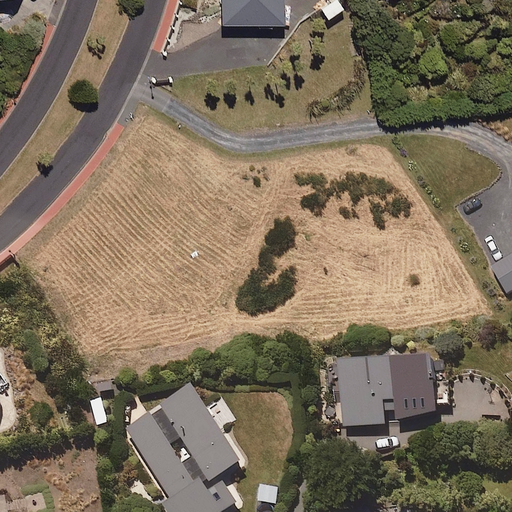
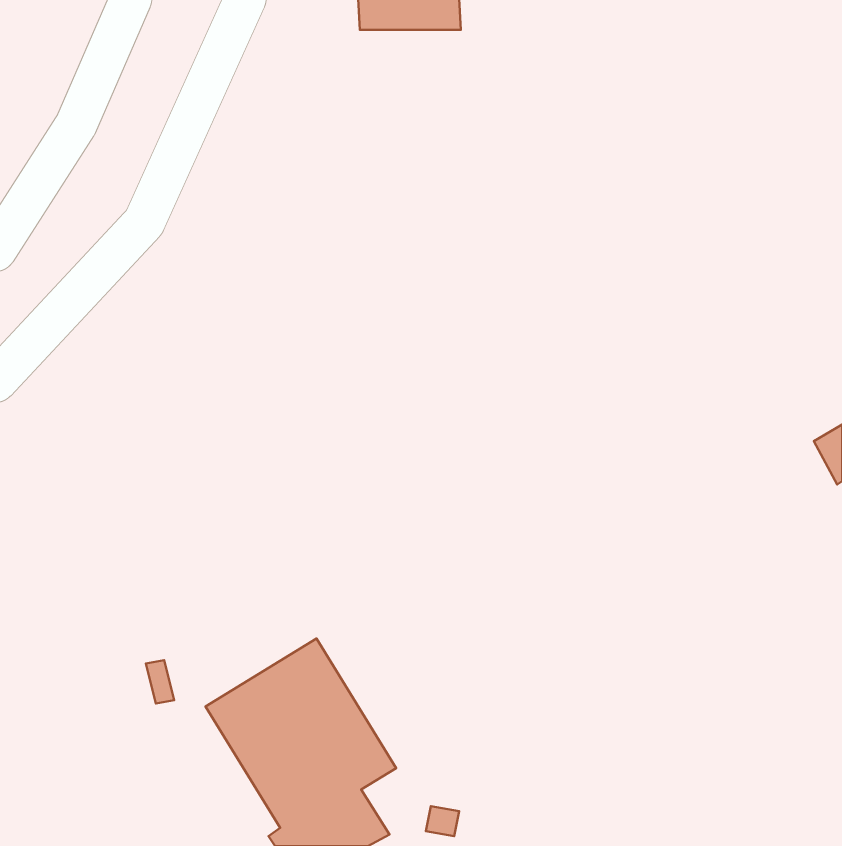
building: [341,361,434,427] -> none

